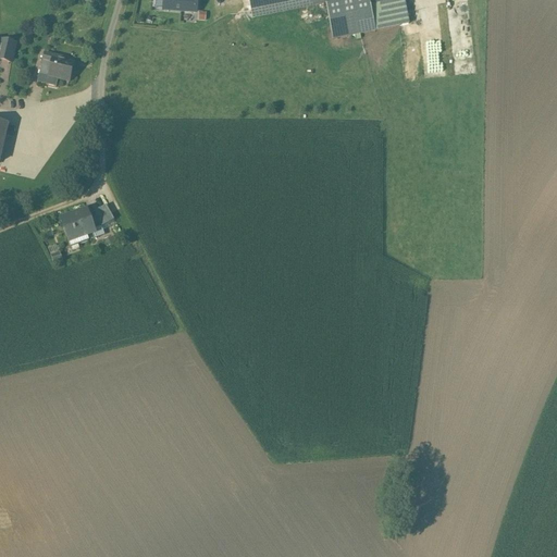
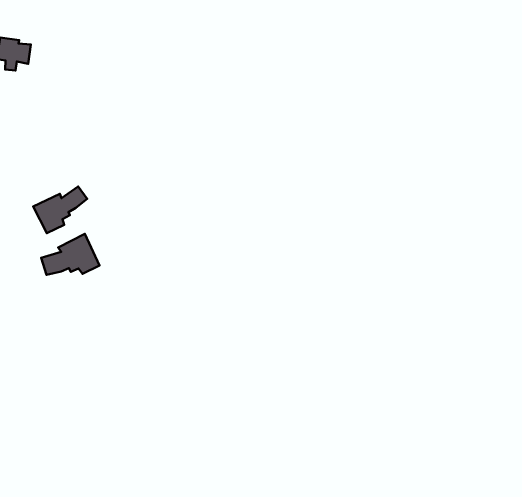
building: none -> [41,234,100,275]

